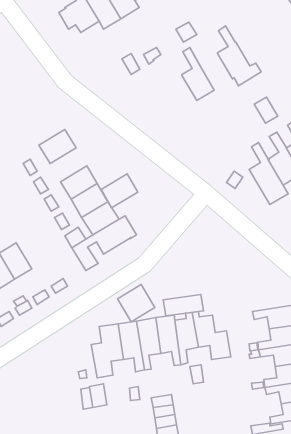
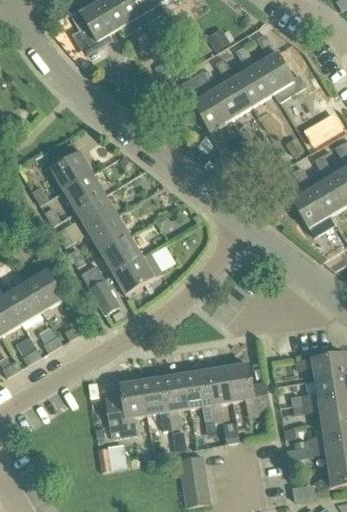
building: none -> [233,45,271,106]
building: none -> [191,69,230,131]
building: [101,174,138,208] -> [62,172,104,211]
building: none -> [23,268,63,318]
building: [117,284,155,322] -> none
building: [163,295,204,316] -> none

